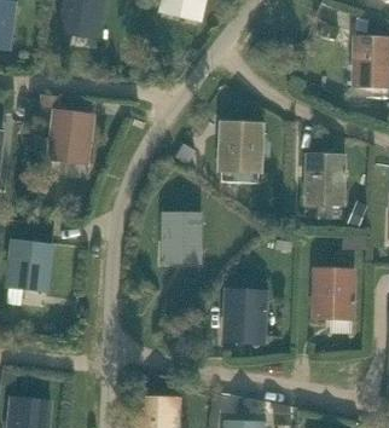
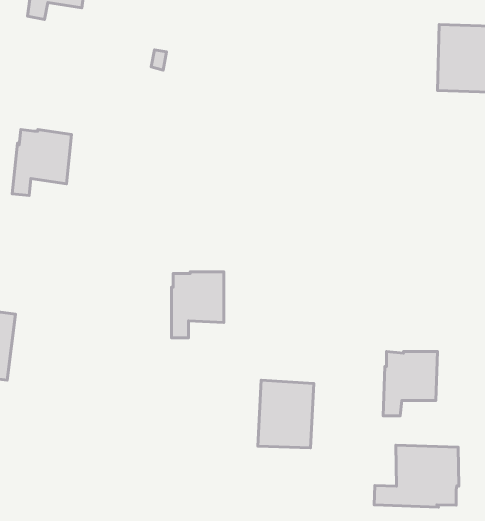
building: [221,123,261,170] -> none
building: [306,156,344,203] -> none
building: none -> [374,445,459,507]

